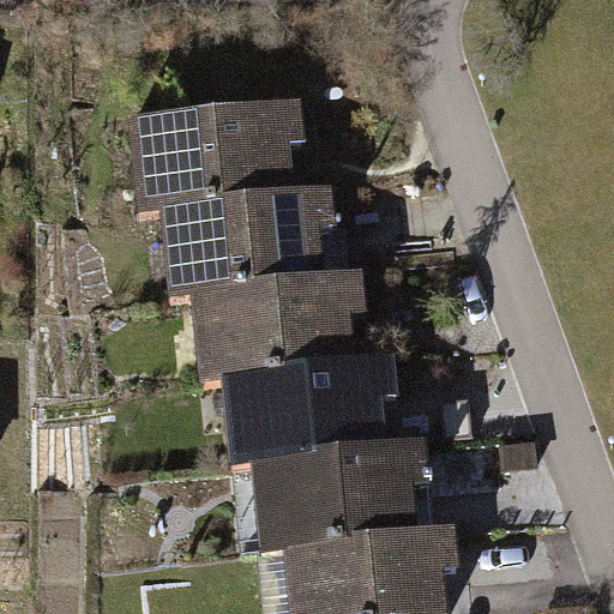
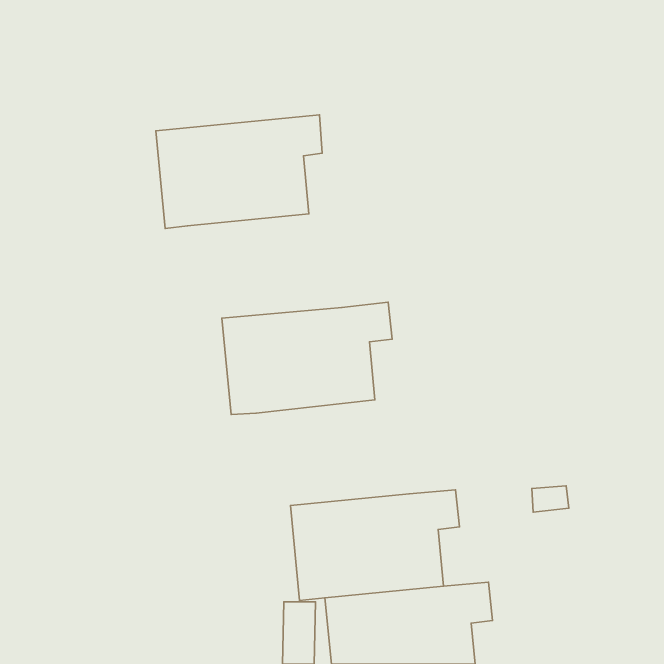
building: [170,189,325,291] -> none
building: [233,360,385,462] -> none

